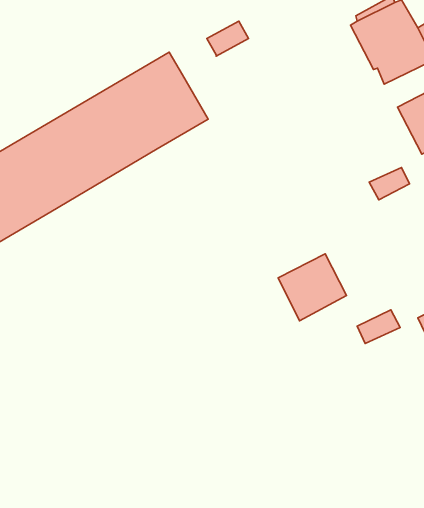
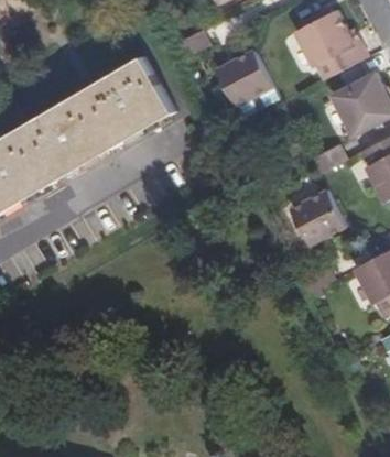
building: none -> [215,50,270,105]
building: [278,254,347,321] -> [286,192,343,247]

